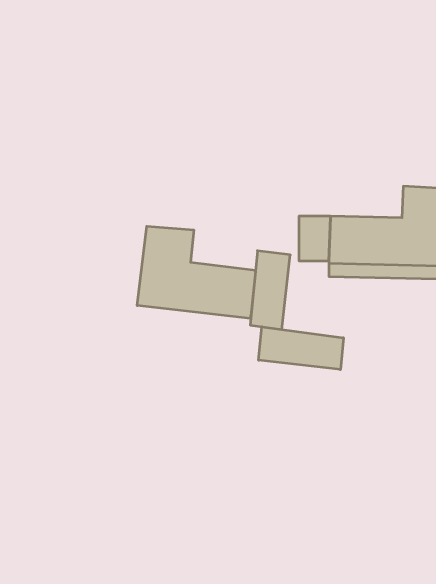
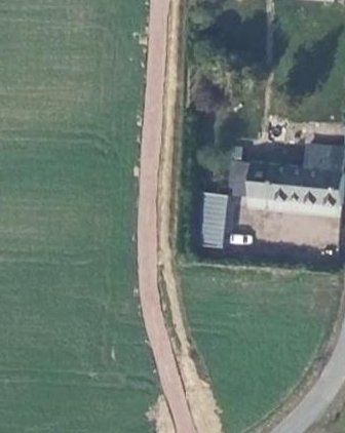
building: [137,226,256,319] -> none
building: [259,327,343,370] -> none

